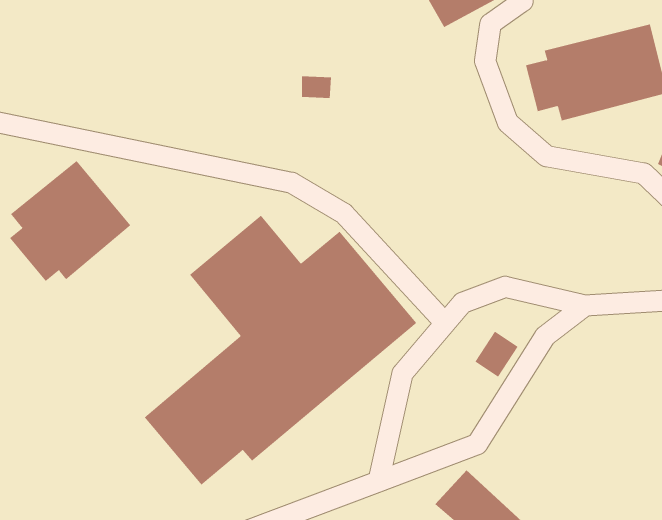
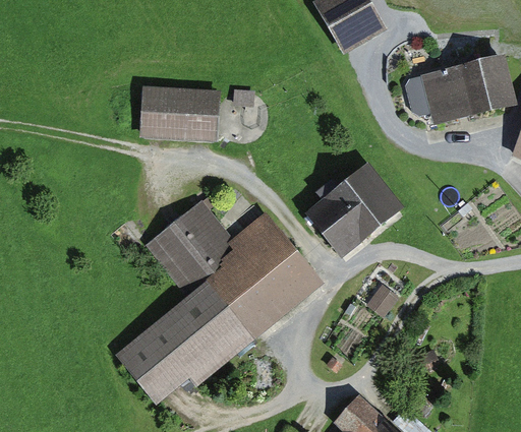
building: none -> [138,89,219,145]
building: [9,160,131,282] -> none
building: none -> [309,164,408,263]

